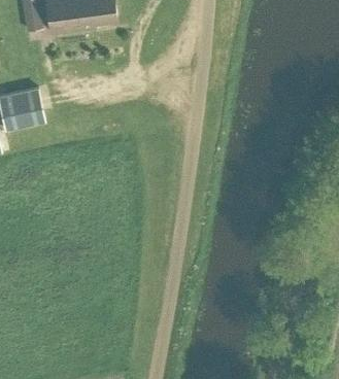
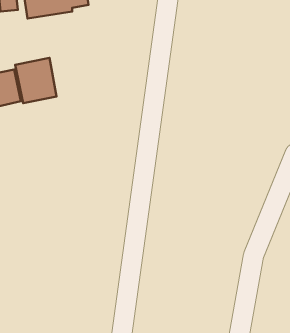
building: none -> [15,58,56,103]

